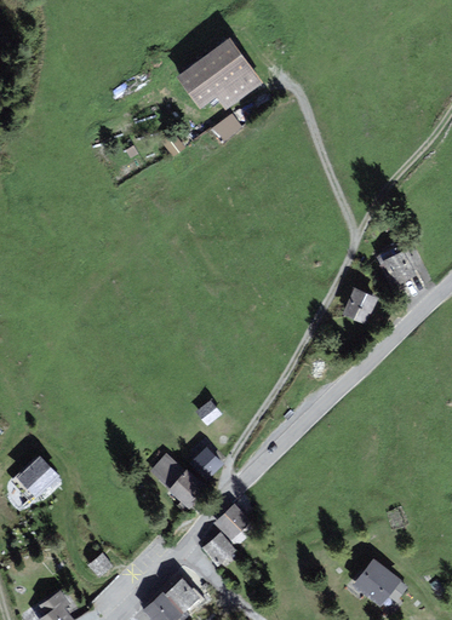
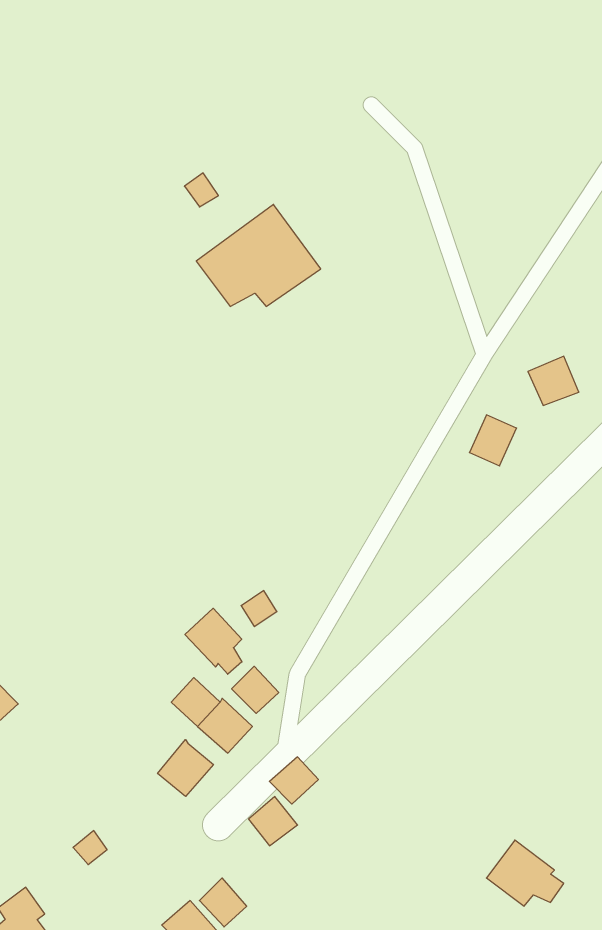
building: [179,38,259,103] -> [196,204,321,306]
building: none -> [185,608,242,674]
building: none -> [158,740,213,796]

